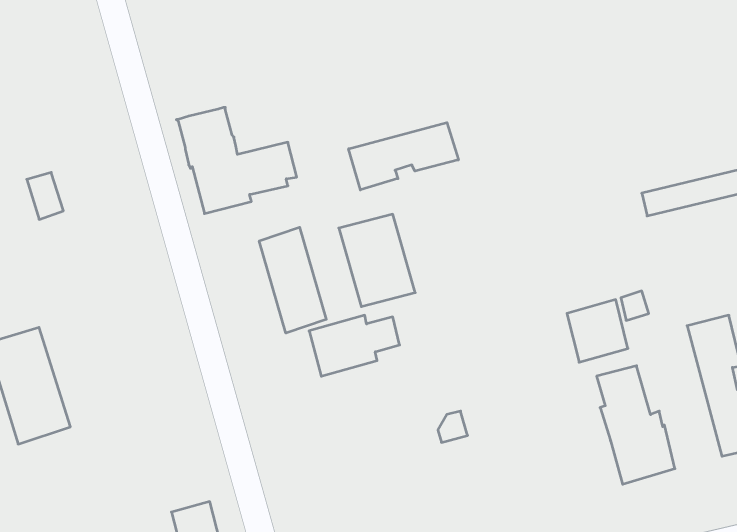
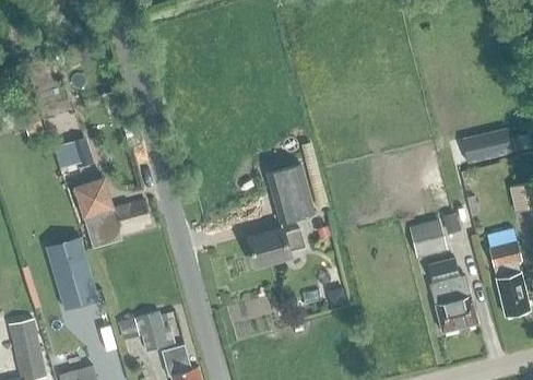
building: [176,107,297,214] -> [73,179,149,246]
building: [349,123,458,190] -> none
building: [259,227,326,333] -> none
building: none -> [137,311,175,351]

